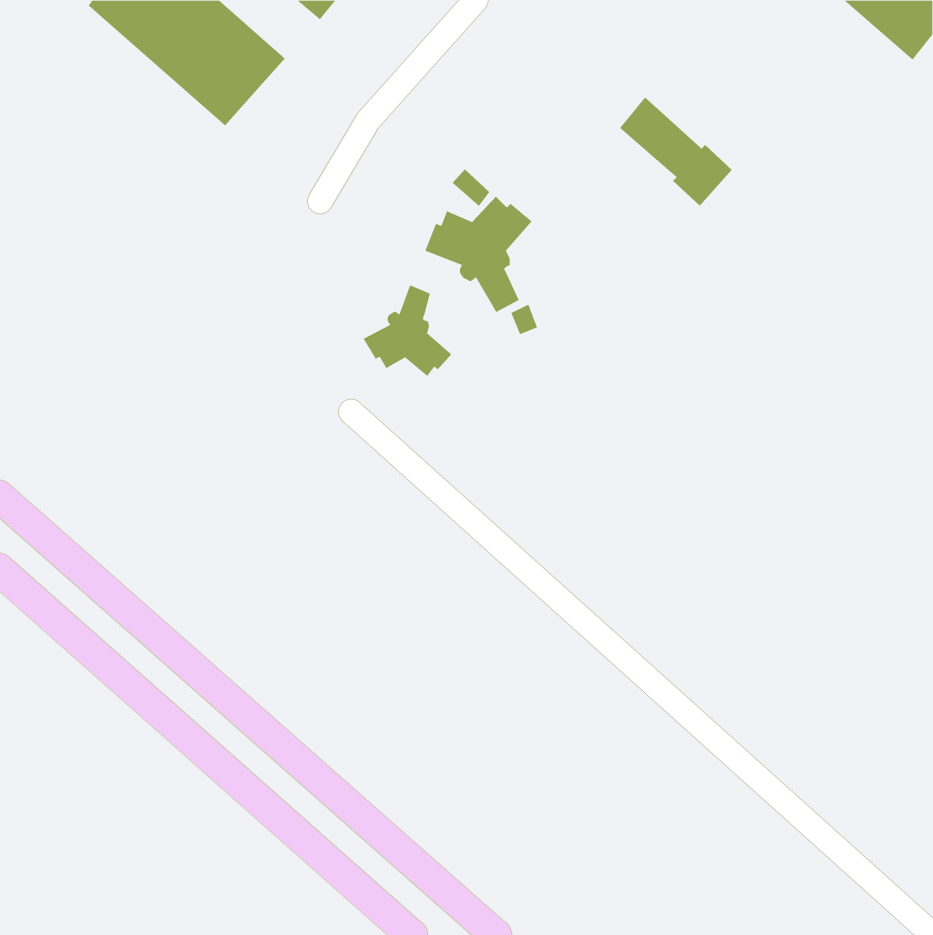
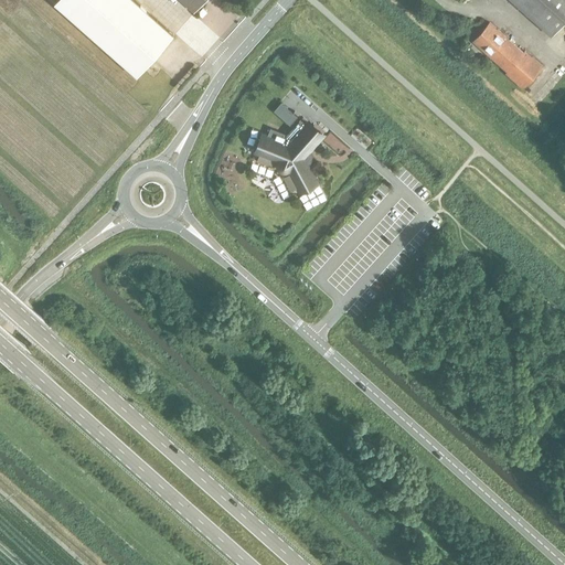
building: [619,97,733,206] -> [472,22,541,88]
building: [363,285,452,377] -> none

